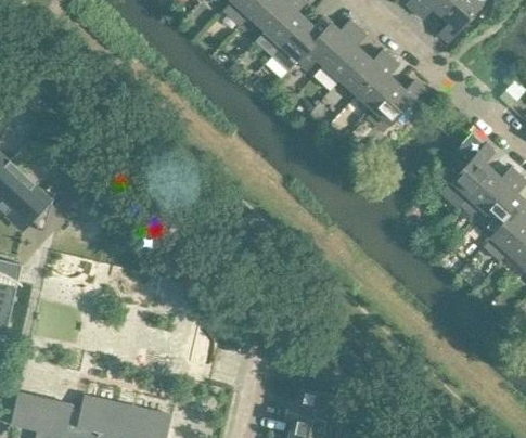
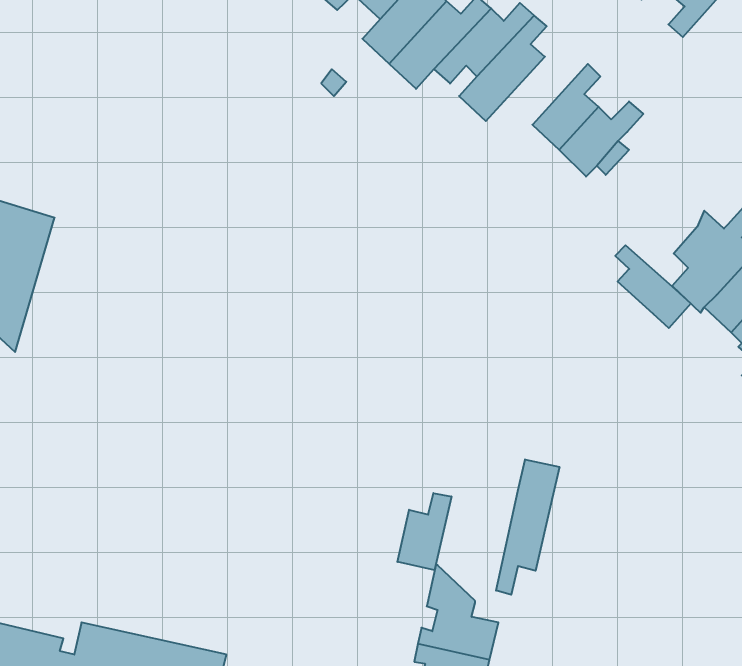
building: [339,51,390,94] -> none
building: none -> [615,245,691,328]
building: none -> [496,459,559,595]
building: none -> [397,493,451,570]

